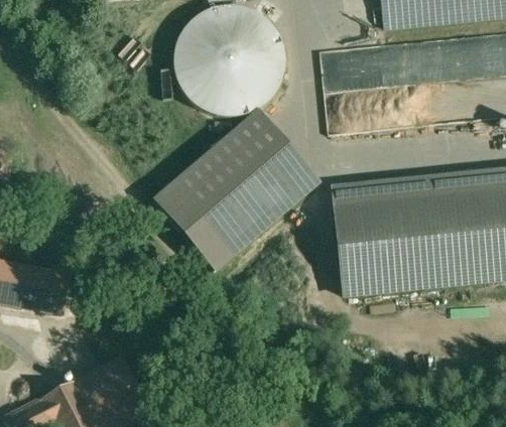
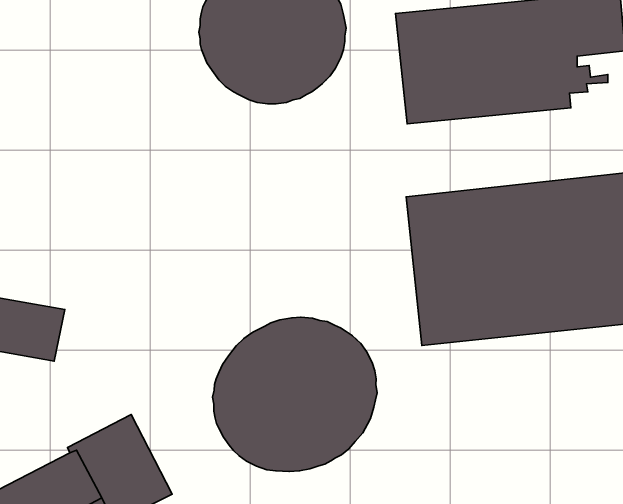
building: [151,108,321,272] -> none
building: none -> [213,317,377,471]

